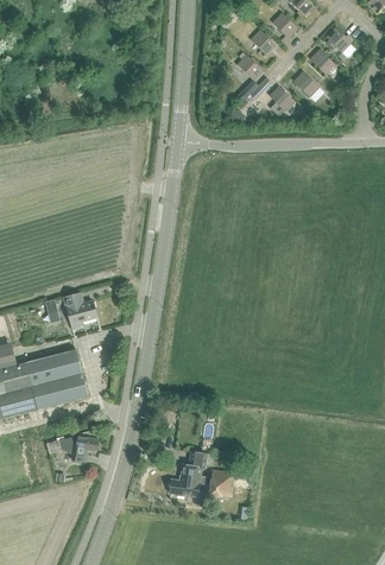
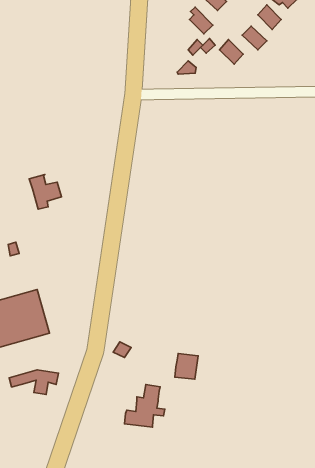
building: [63,293,97,330] -> [29,174,62,209]
building: [209,470,234,497] -> [175,354,198,379]

